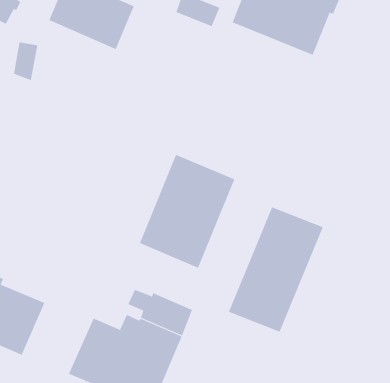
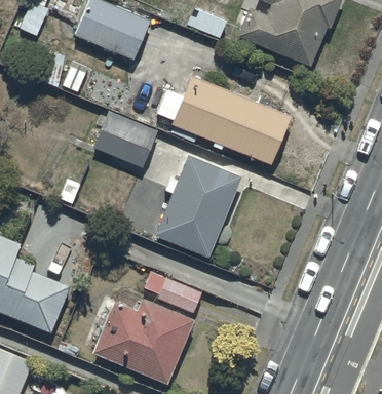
building: none -> [157,74,291,164]
building: none -> [93,111,157,168]
building: [228,206,323,333] -> none

